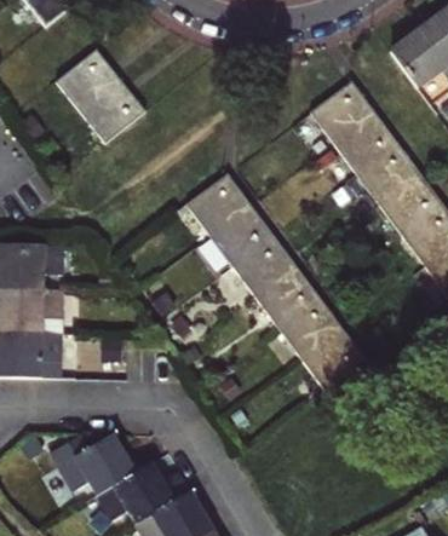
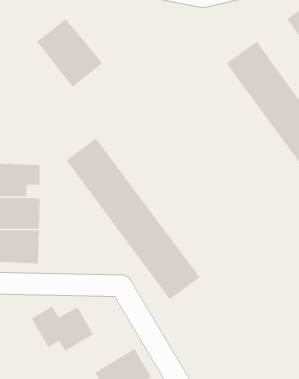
building: [185,172,366,390] -> [66,138,200,300]
building: [96,462,186,524] -> none

